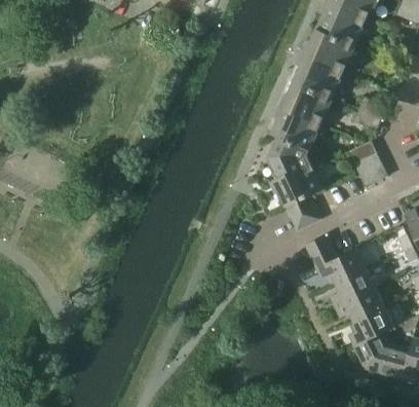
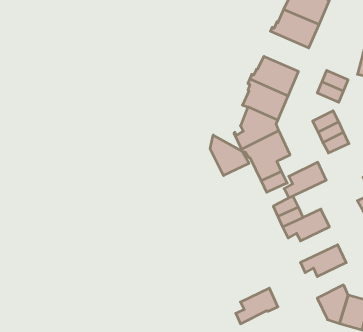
building: [295,52,344,97] -> none
building: none -> [210,135,249,176]
building: [330,267,376,306] -> [284,162,326,198]
building: [348,306,394,345] -> [236,288,278,324]

